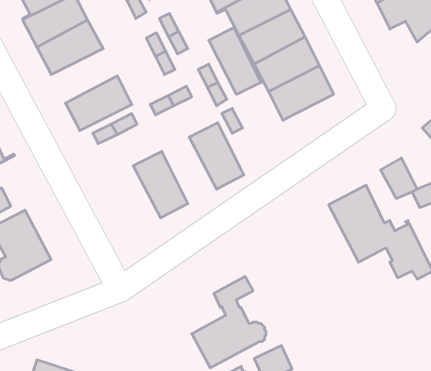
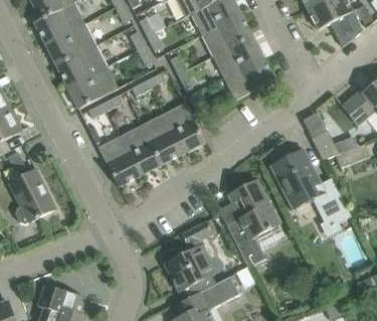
building: [209,27,261,94] -> none
building: none -> [56,44,108,87]
building: none -> [142,113,184,164]
building: none -> [99,135,141,186]
building: none -> [218,179,279,267]

